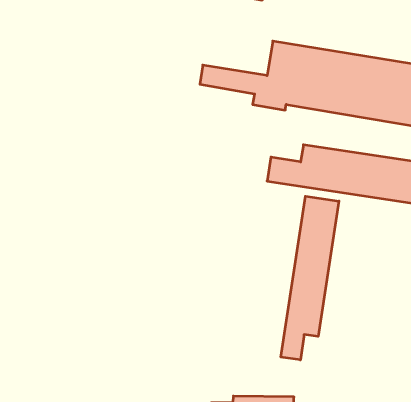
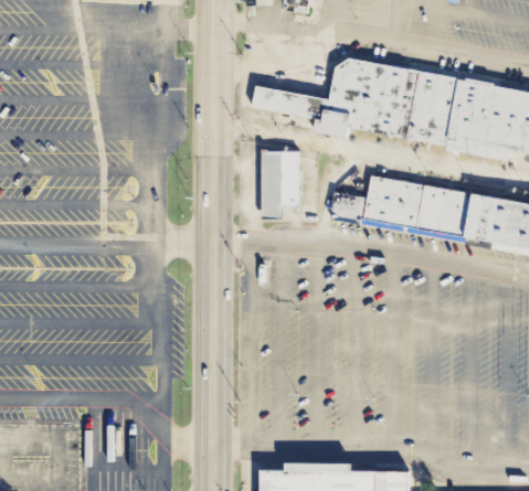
building: none -> [260,150,299,217]
building: [281,196,339,360] -> none

